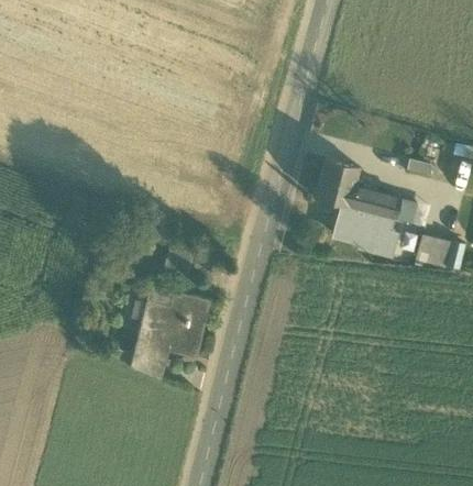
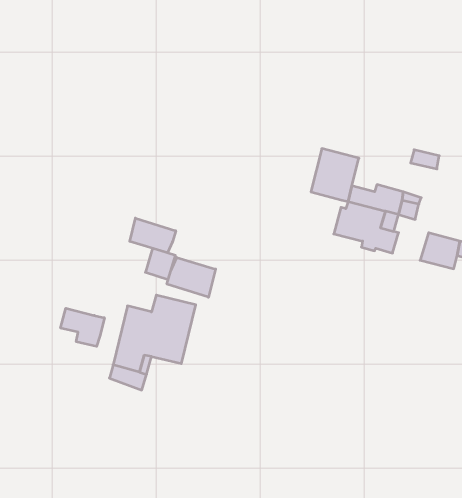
building: none -> [130,218,176,253]
building: none -> [167,257,216,297]
building: none -> [61,308,104,346]

